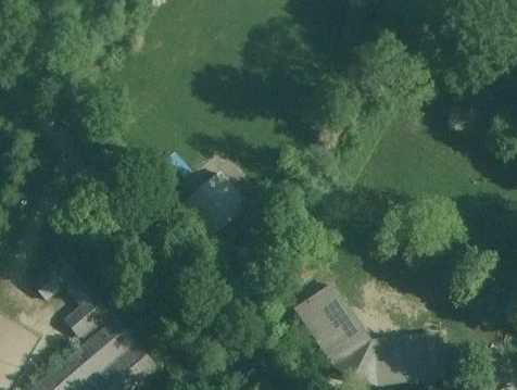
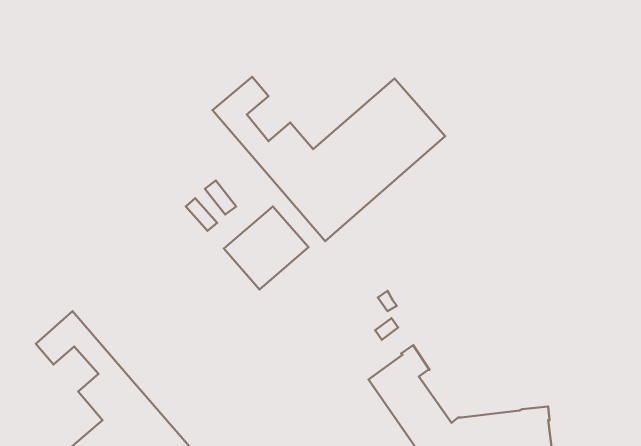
building: none -> [212,77,445,241]

